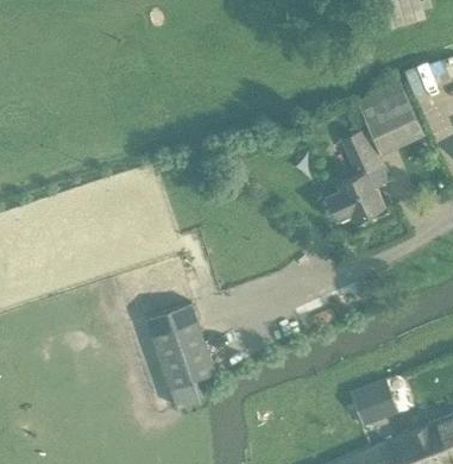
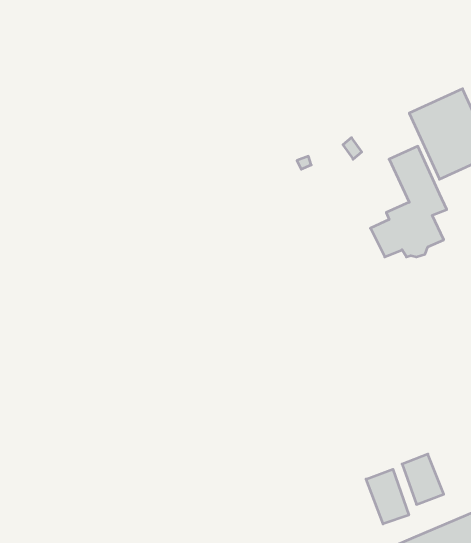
building: [147,303,216,408] -> none
building: none -> [366,469,409,524]

